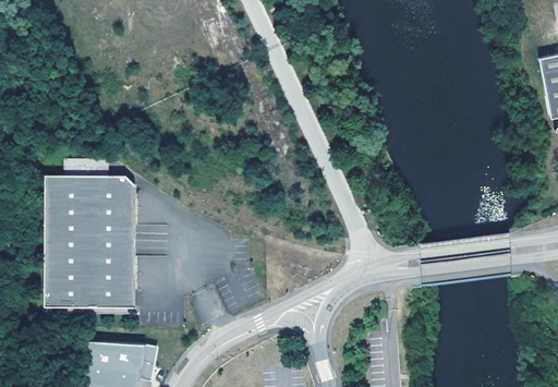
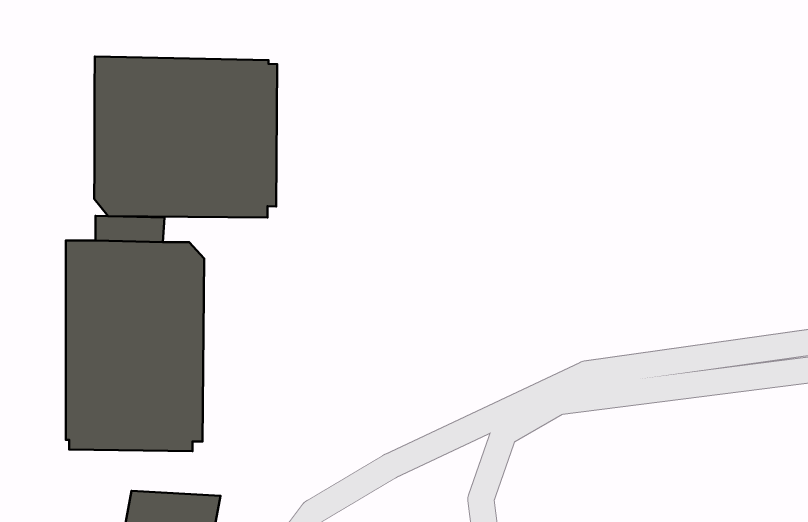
building: none -> [94,56,277,218]

